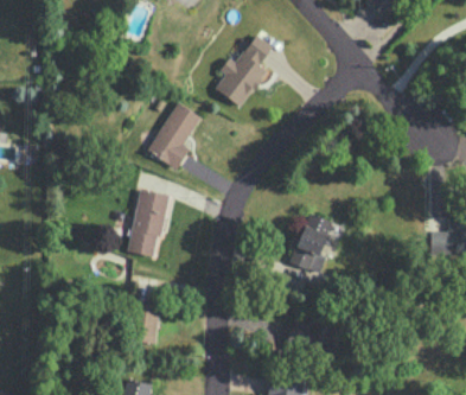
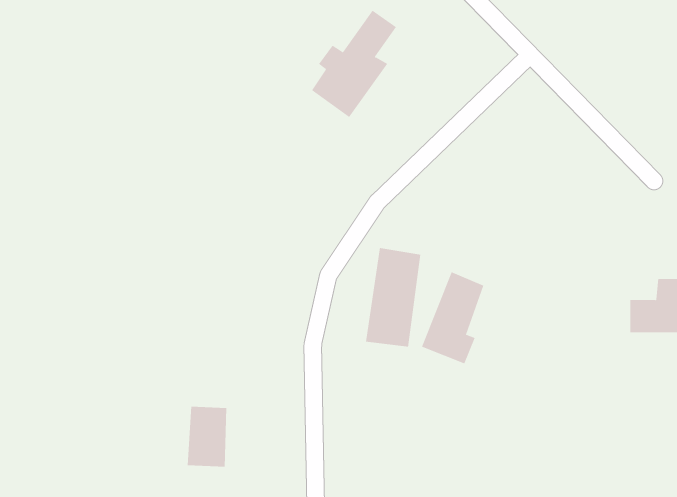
building: [147,103,200,170] -> none
building: [128,190,166,257] -> [365,248,421,347]

